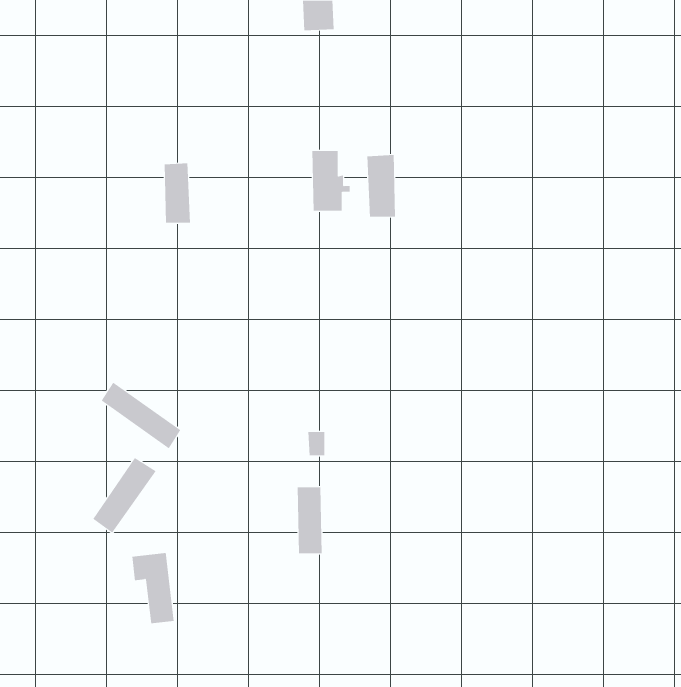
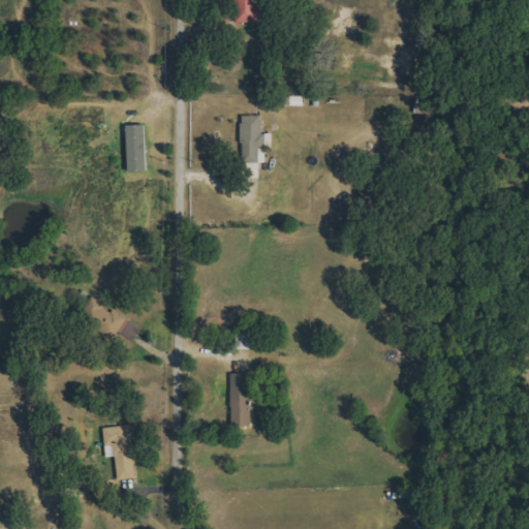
building: [367,154,396,218] -> none
building: [92,457,157,534] -> none

